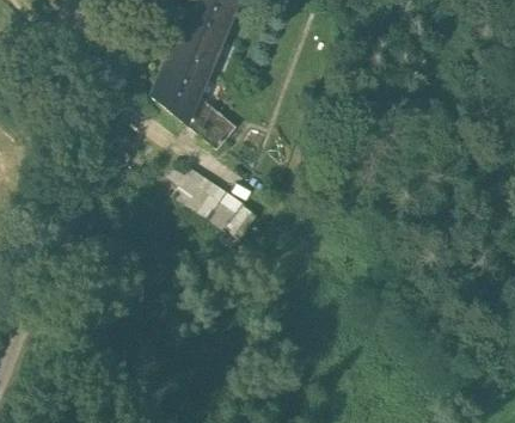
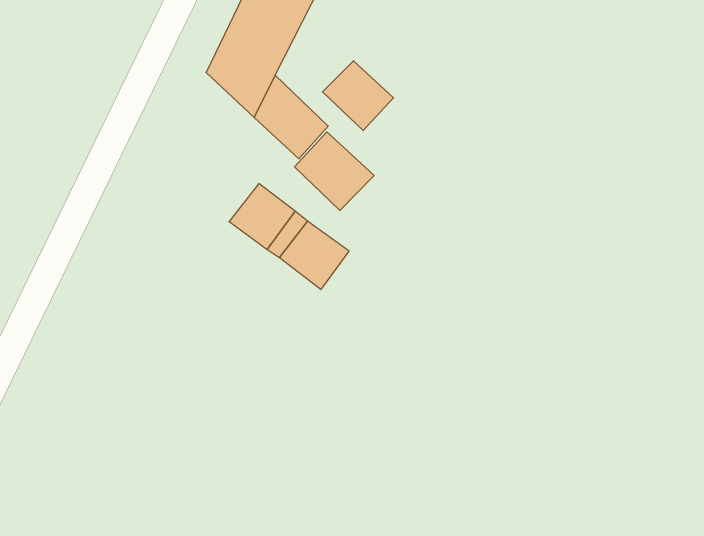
building: none -> [322,61,394,131]
building: none -> [295,132,374,211]

